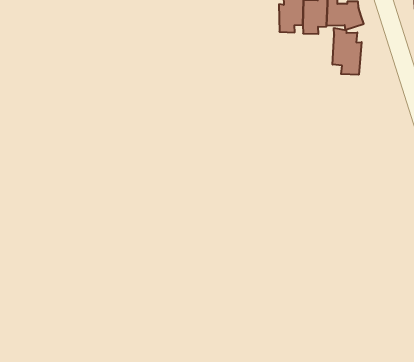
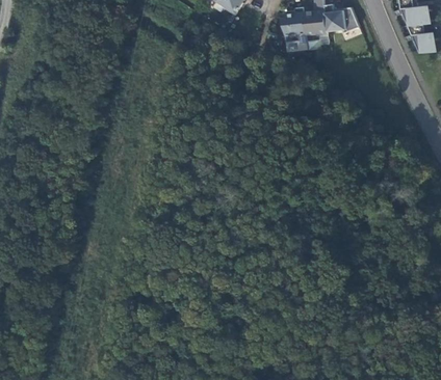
building: [333,28,362,75] -> none

